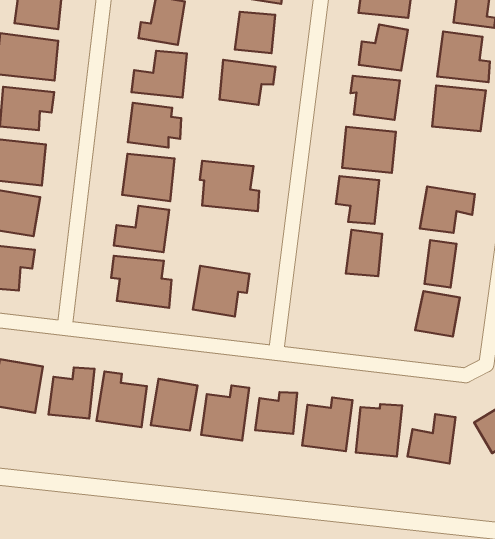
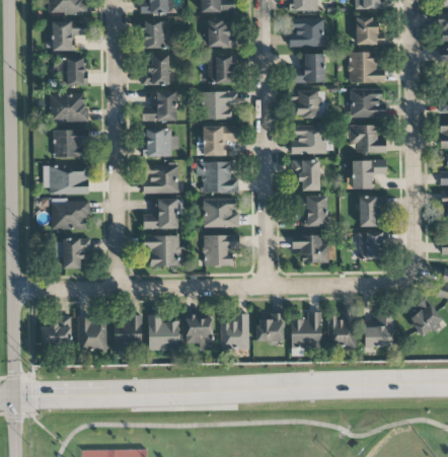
building: none -> [203,127,238,156]
building: none -> [350,126,386,153]
building: none -> [204,199,240,228]
building: none -> [292,235,329,263]

